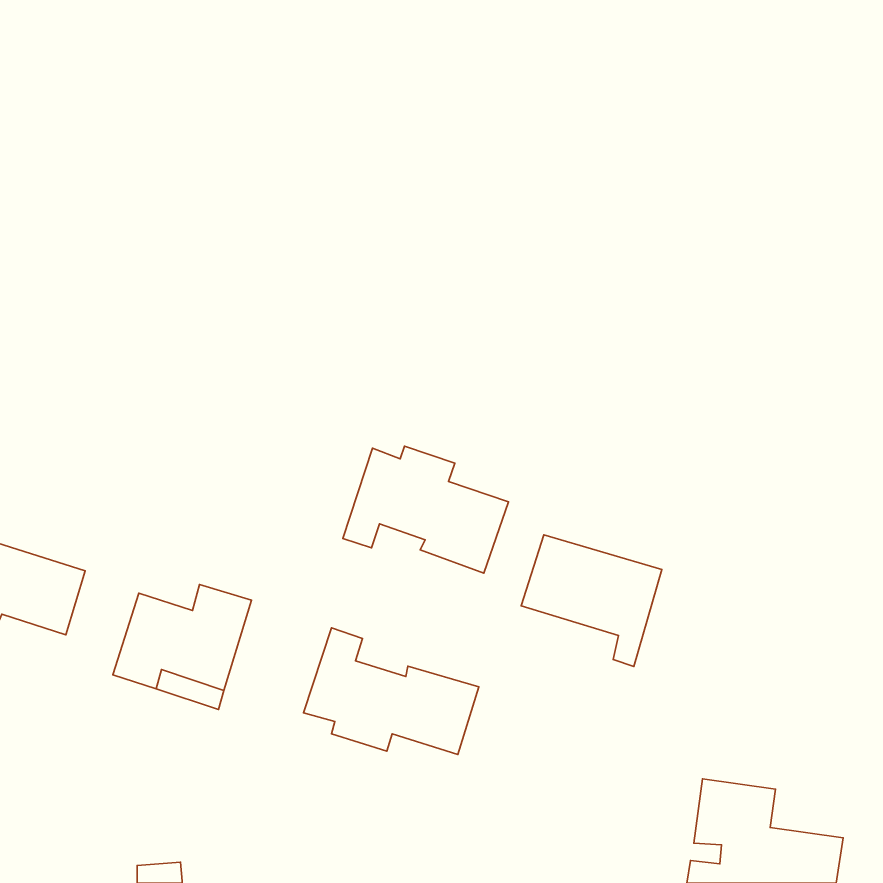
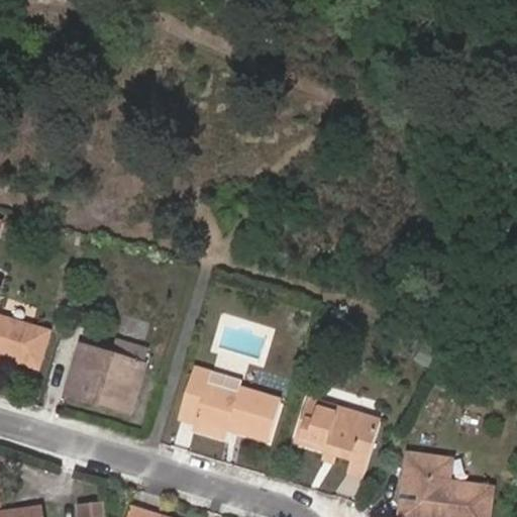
building: [343,446,508,573] -> none
building: [521,535,662,667] -> [296,400,378,477]

